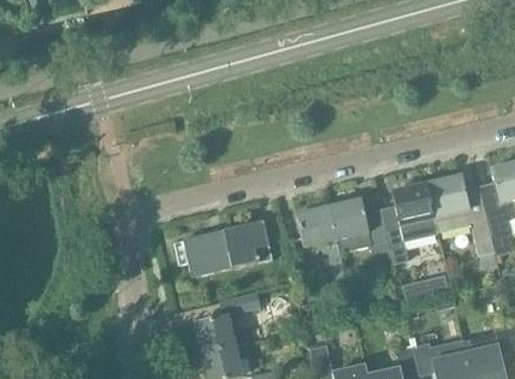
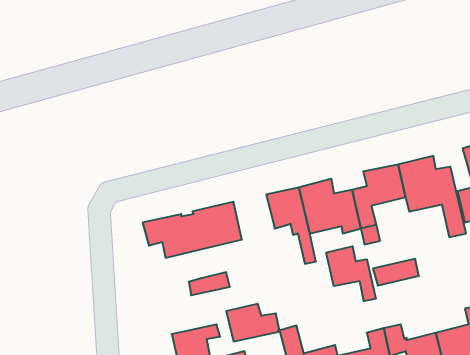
building: none -> [326,246,376,301]
building: [195,315,248,353] -> [226,304,280,341]

